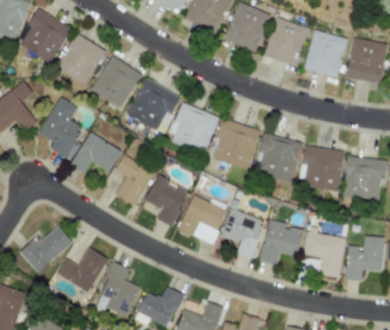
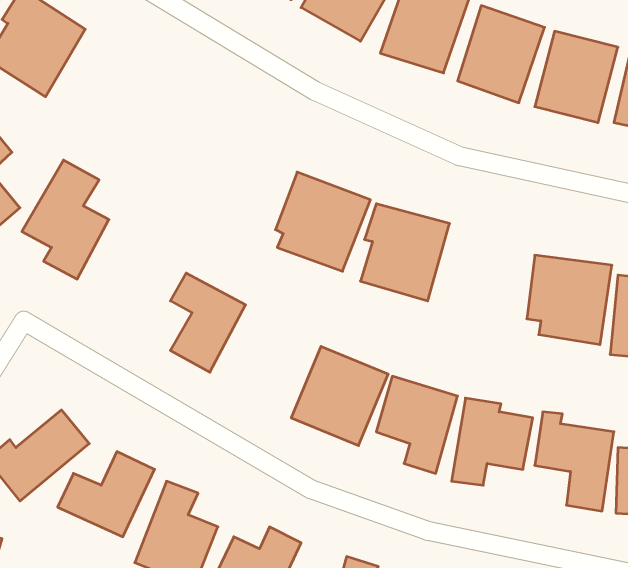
building: [54,33,106,85] -> none
building: [89,55,142,109] -> none
building: [125,77,181,130] -> none
building: [71,132,121,172] -> none
building: [257,133,302,181] -> none
building: [145,174,189,226] -> none

